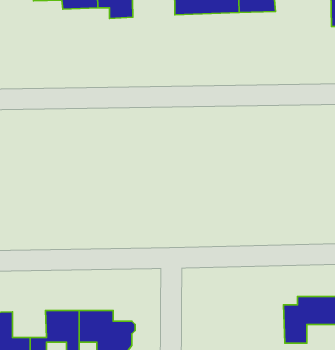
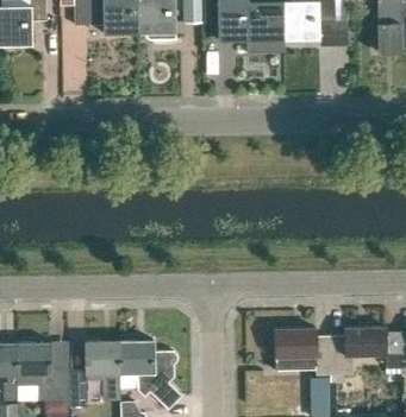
building: none -> [274,328,331,374]

